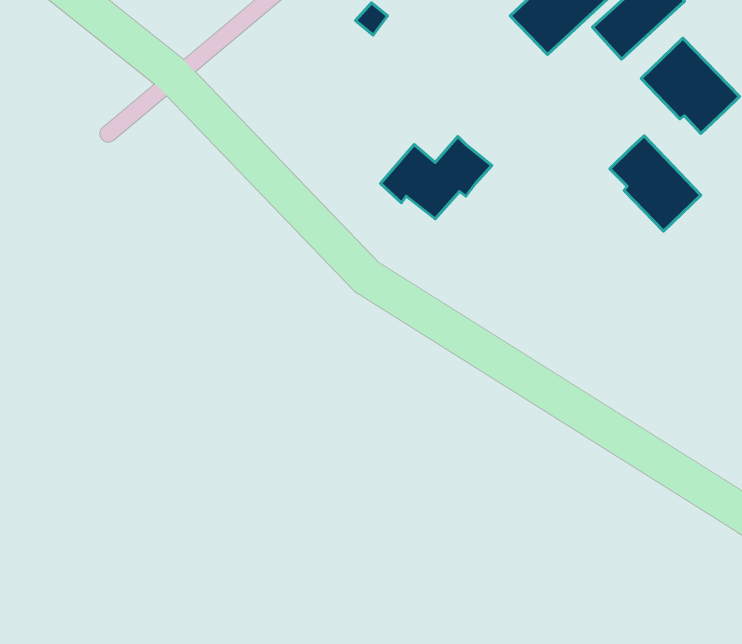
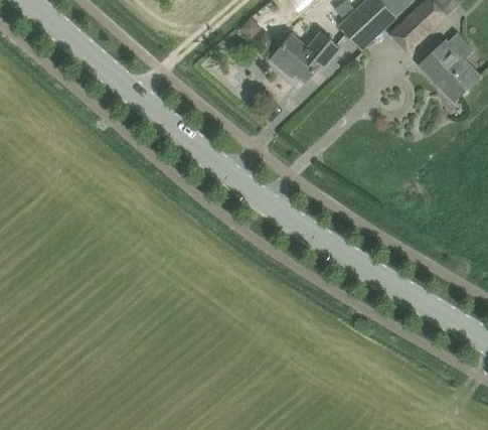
building: [610,136,701,231] -> none
building: [380,137,492,219] -> [272,29,341,81]

